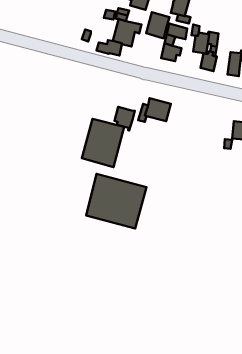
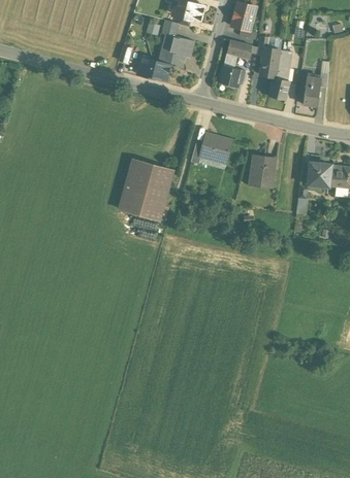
building: [146,12,169,38] -> none
building: [114,107,135,131] -> none
building: none -> [249,153,276,187]
building: [86,174,146,228] -> none

